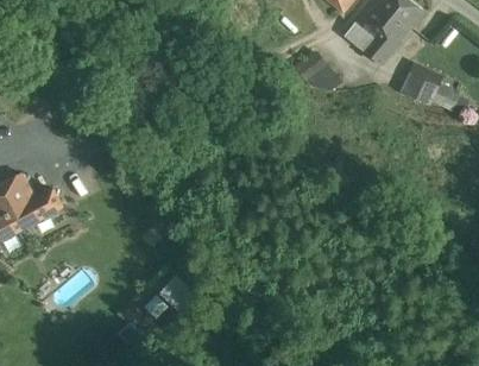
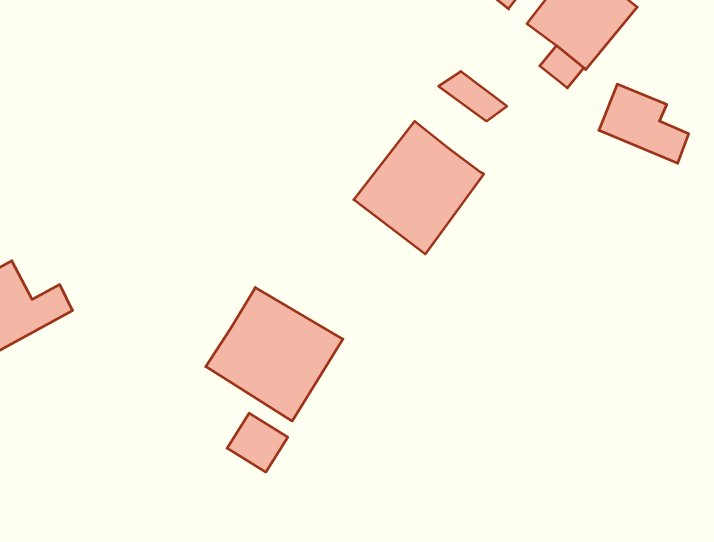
building: none -> [354,121,484,254]
building: none -> [206,287,343,421]

